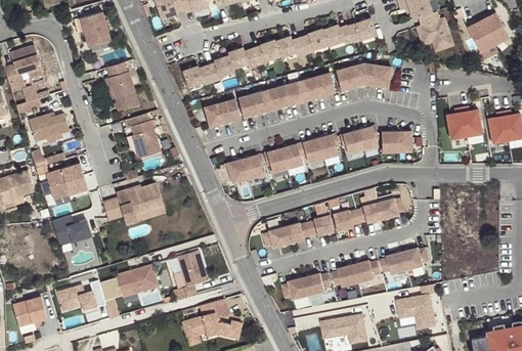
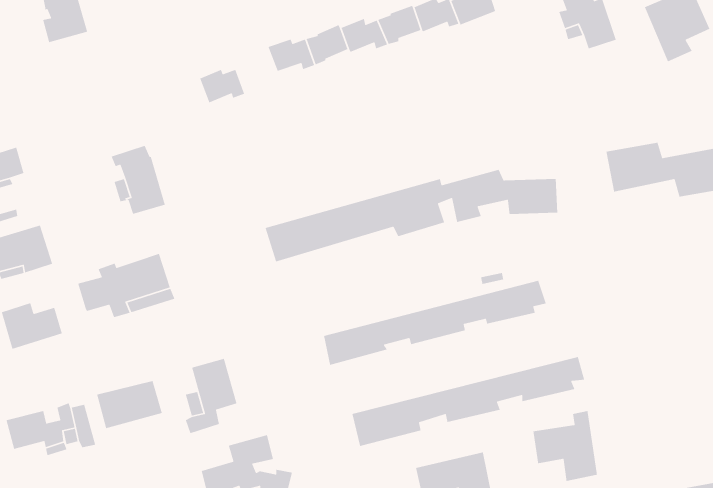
building: [205,51,232,79] -> none
building: [105,60,139,111] -> none
building: [203,62,392,130] -> none

